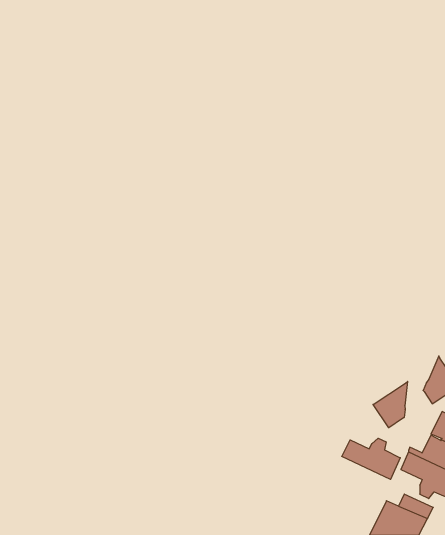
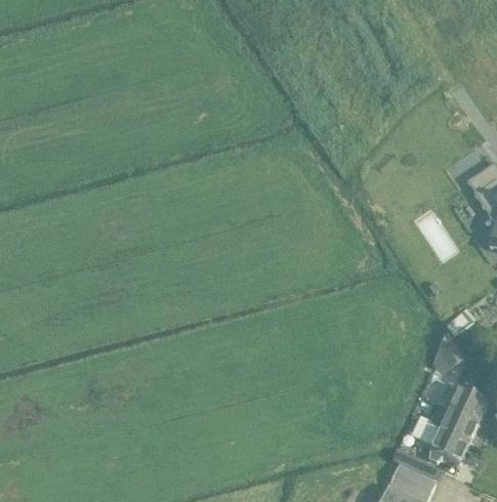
building: [373,381,408,428] -> none
building: [342,438,400,479] -> none

